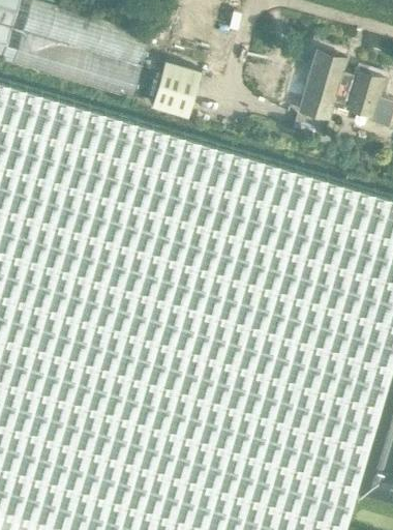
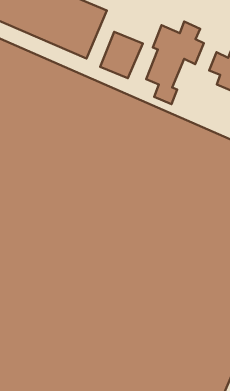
building: none -> [146,22,204,104]

